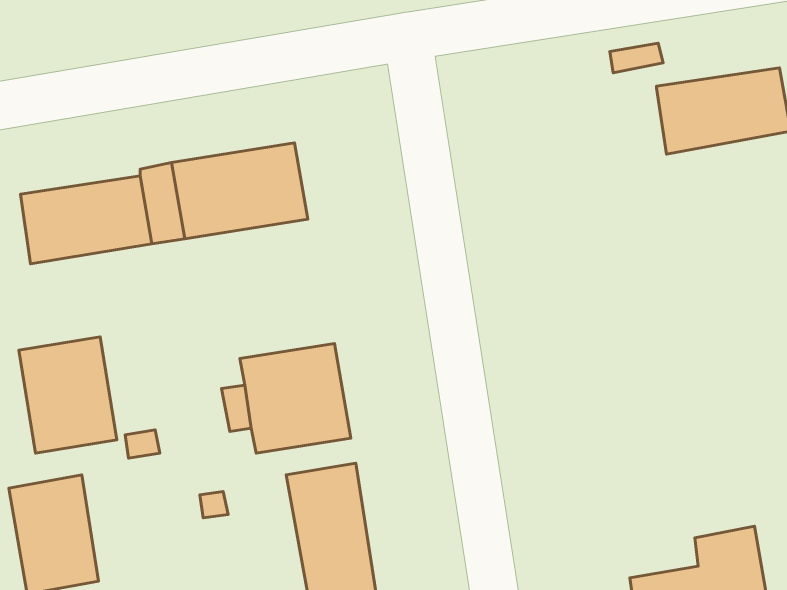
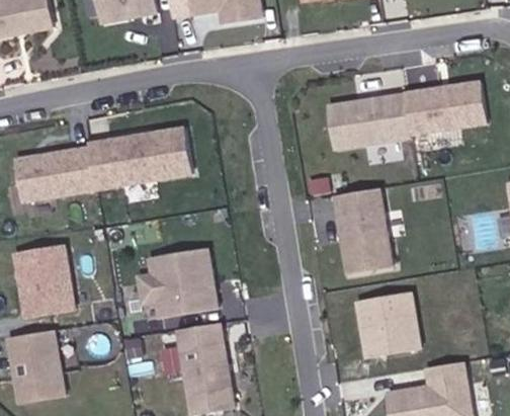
building: none -> [327,94,410,149]
building: none -> [334,188,391,272]
building: none -> [348,292,416,358]

